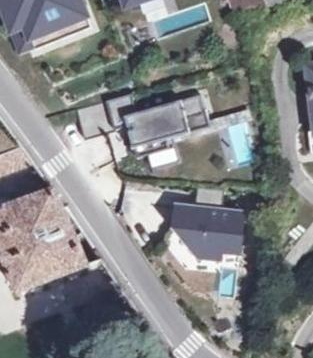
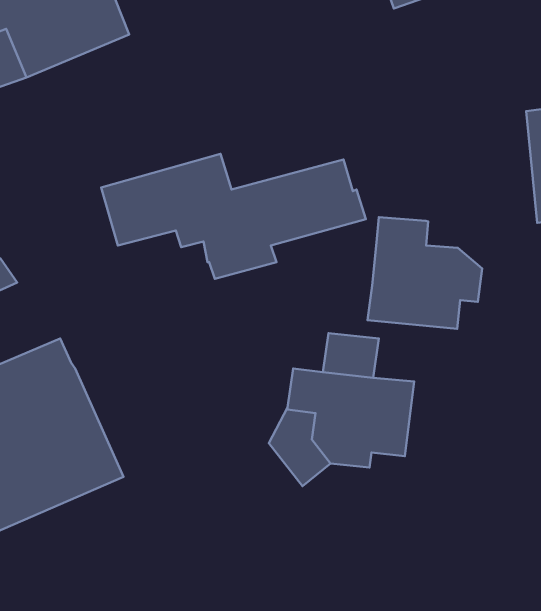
building: none -> [368,217,482,329]

